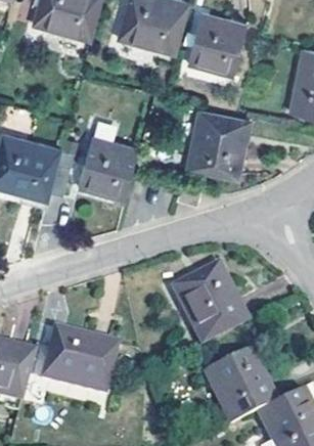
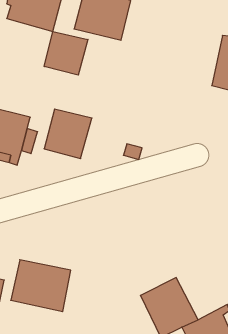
building: [190,12,248,74] -> none
building: none -> [44,31,88,75]
building: [192,113,255,180] -> none
building: [173,263,248,345] -> none

